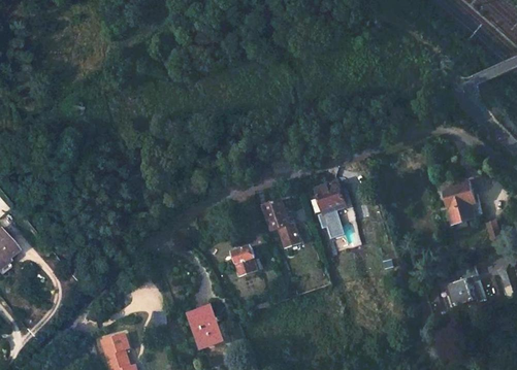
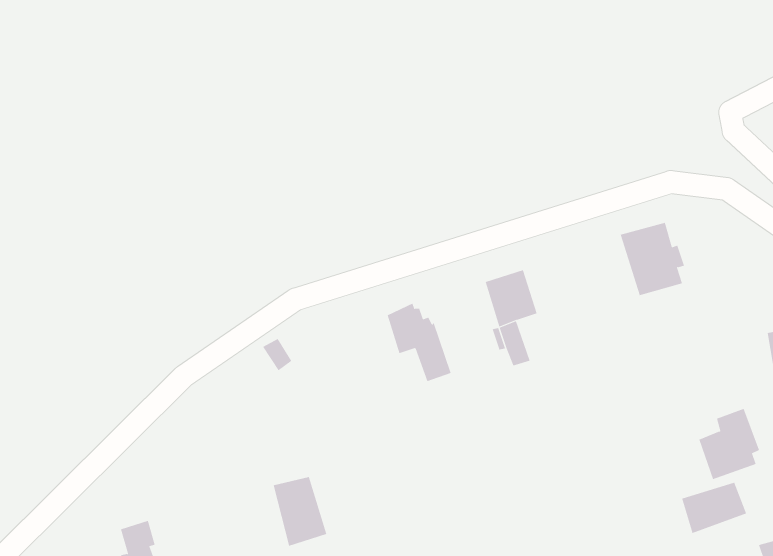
building: [445,182,483,226] -> [620,222,685,296]
building: [234,247,260,276] -> none
building: none -> [682,482,747,534]

